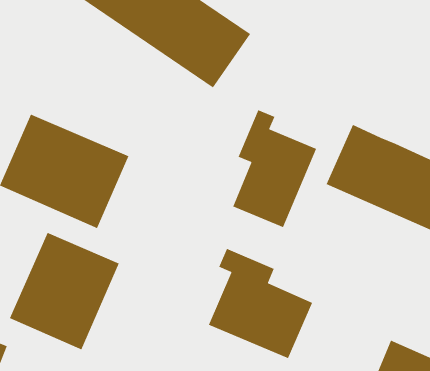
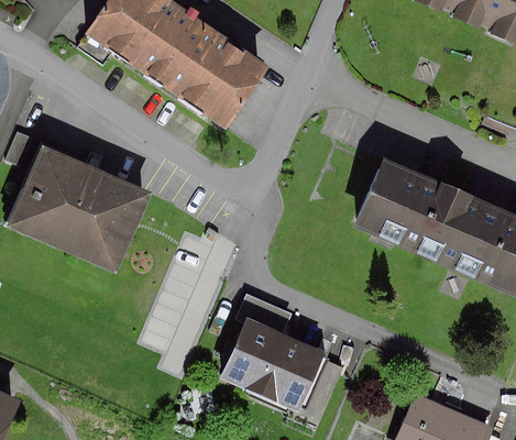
building: [232,109,317,228] -> none
building: [9,232,120,350] -> none

